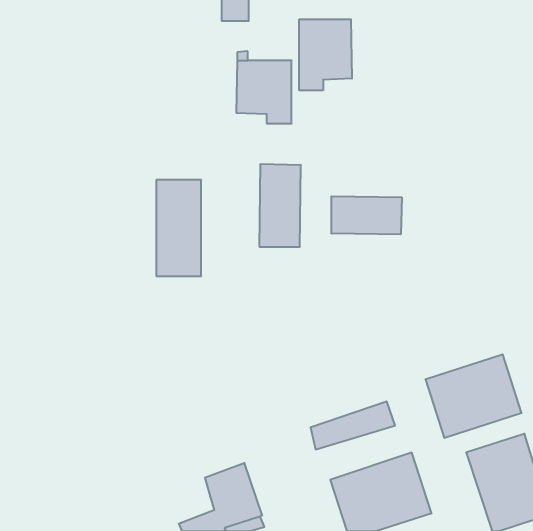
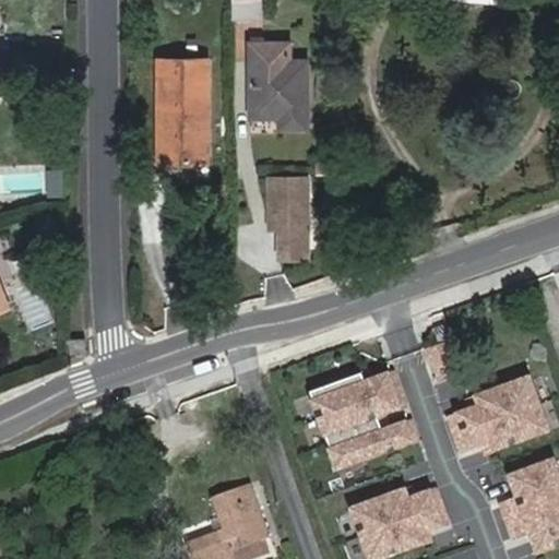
building: [299,19,352,90] -> none
building: [156,180,201,276] -> [157,61,204,162]
building: [331,196,402,234] -> none
building: none -> [306,366,405,439]

